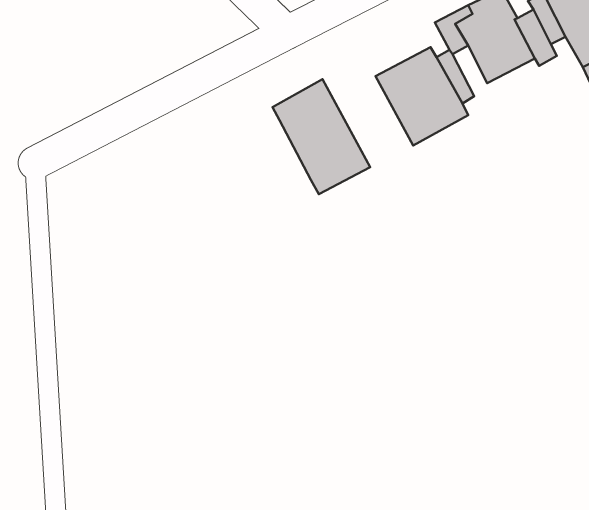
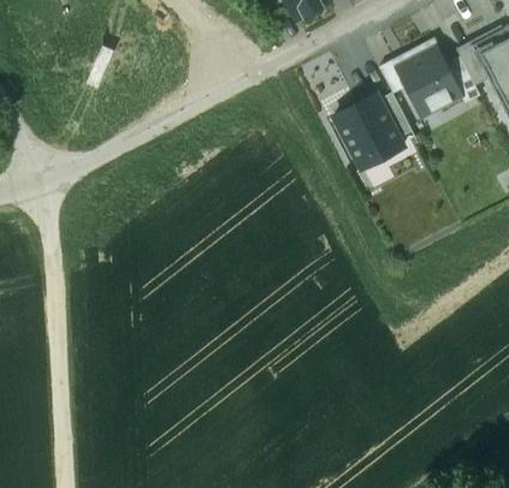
building: [273,79,370,194] -> none

